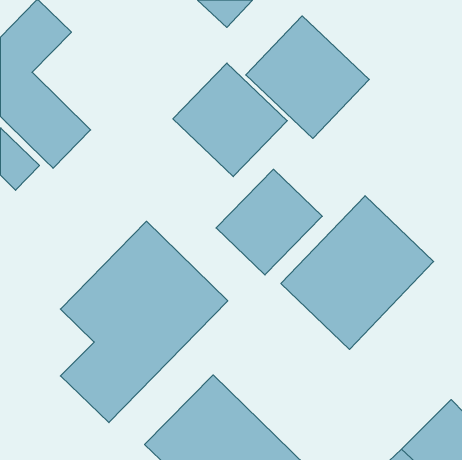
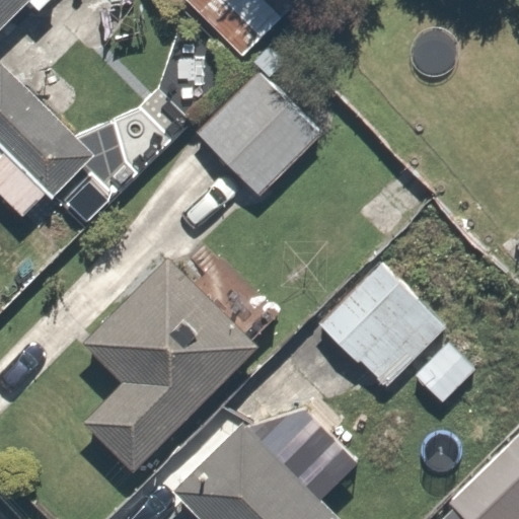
building: [246,16,369,138] -> none
building: [216,169,322,275] -> none

